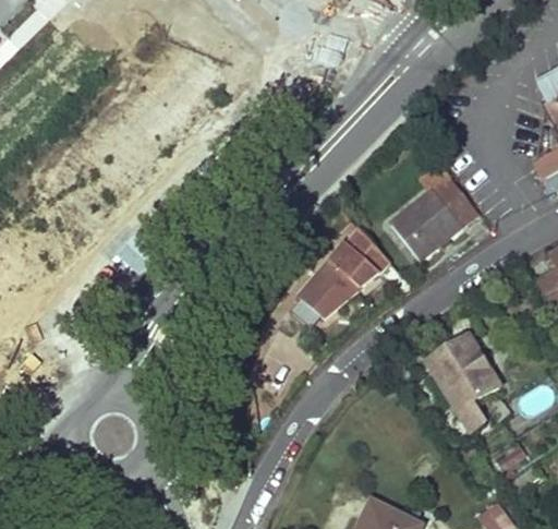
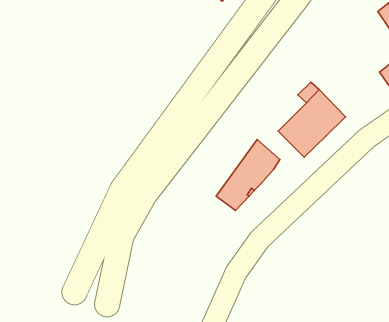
building: [428,336,498,429] -> none

